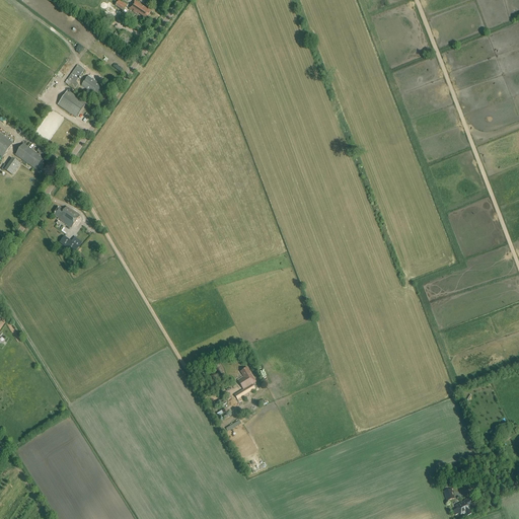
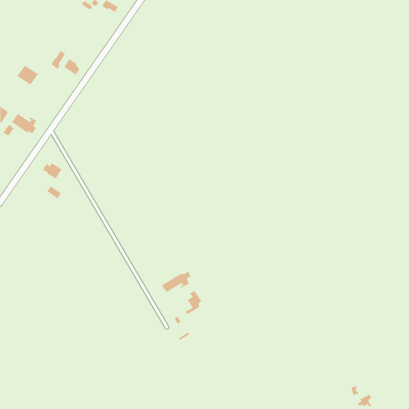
building: [57,89,85,116] -> [16,65,39,86]
building: none -> [161,271,191,293]

